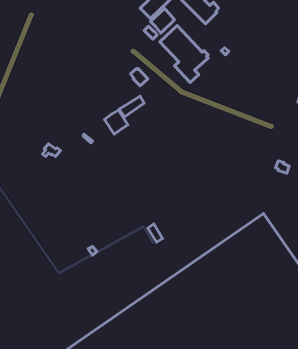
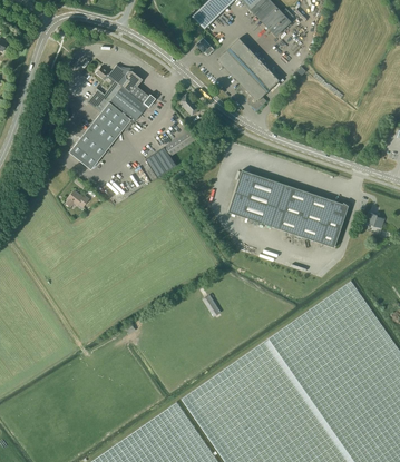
building: [150,8,175,33] -> none
building: none -> [69,65,155,169]
building: none -> [228,169,349,247]

